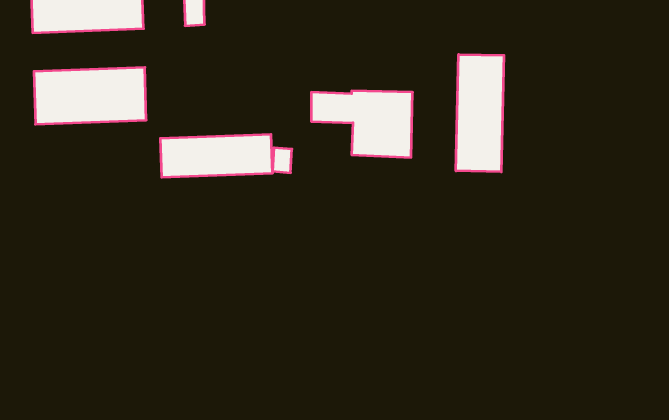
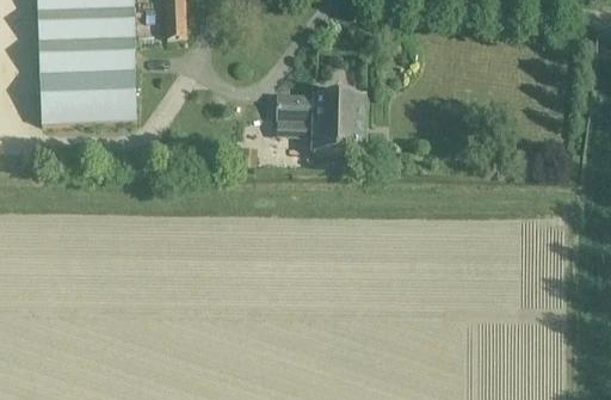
building: [456,54,504,172] -> none
building: [160,134,273,177] -> [38,37,135,74]

